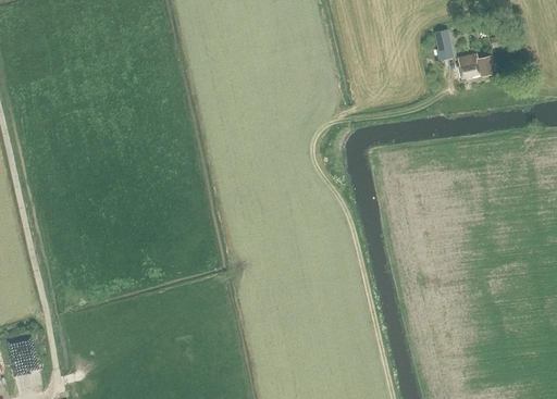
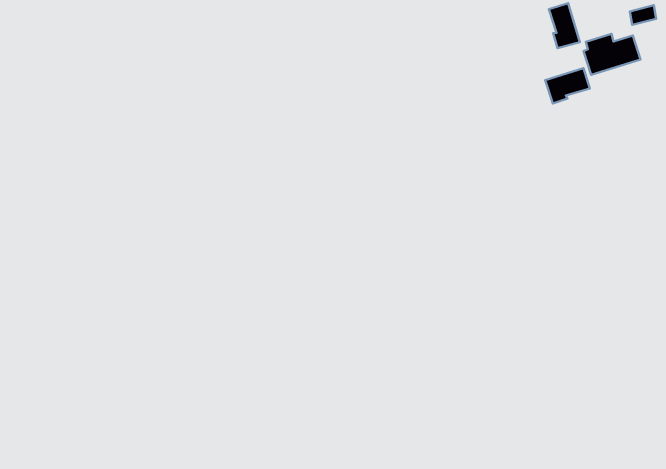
building: none -> [545,68,590,103]

